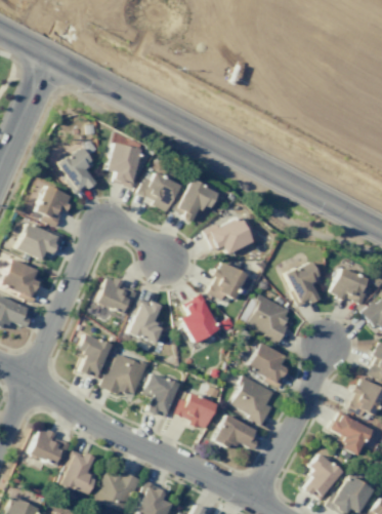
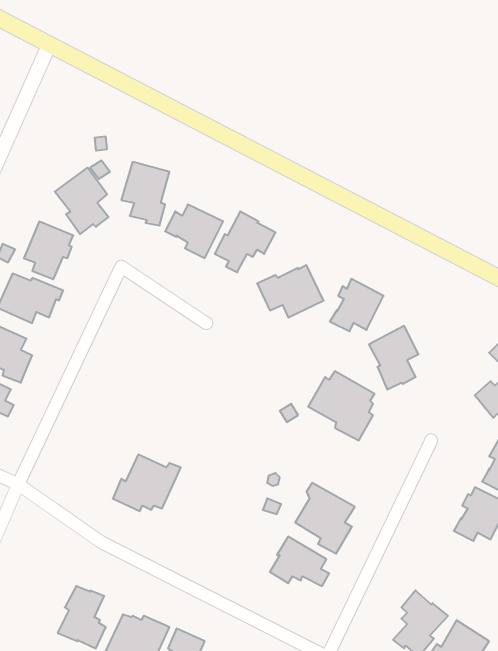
building: [208,262,247,300] -> [330,279,384,331]
building: [331,266,369,304] -> none
building: [96,277,138,315] -> none
building: [180,292,218,342] -> none
building: [128,298,162,343] -> none
building: [76,333,112,378] -> none
building: [247,342,288,389] -> none
building: [142,372,179,418] -> none
building: [174,392,216,428] -> none
building: [329,410,372,454] -> none
building: [30,428,71,464] -> none

